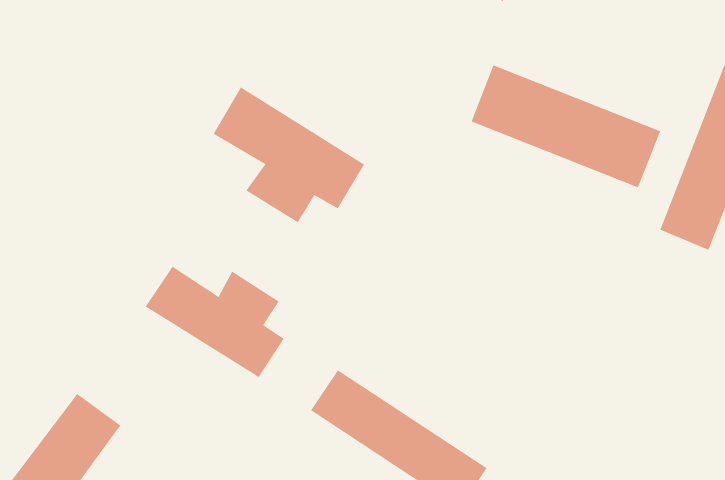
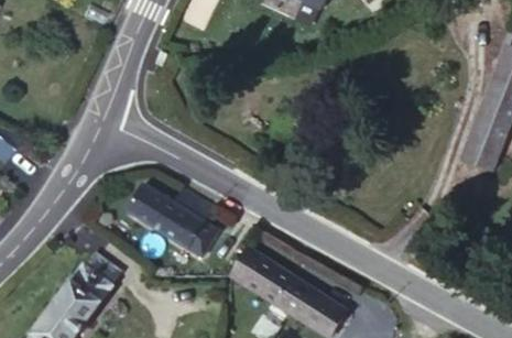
building: [471,65,661,188] -> none
building: [213,87,365,223] -> none

